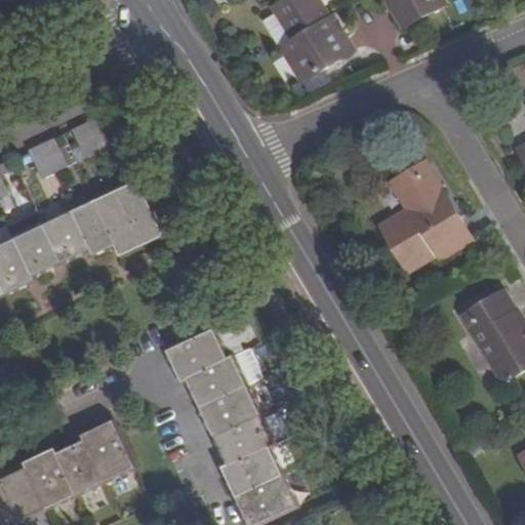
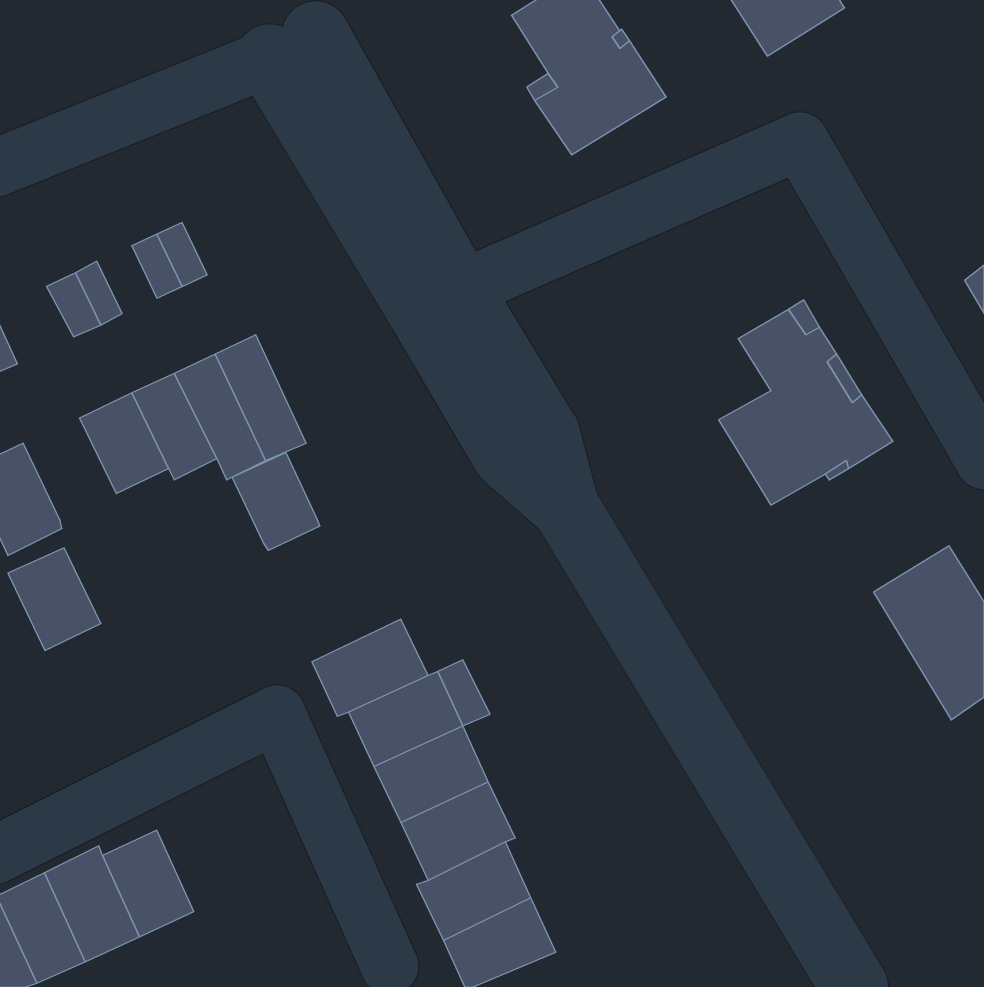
building: [12,221,62,276] -> [8,548,101,650]
building: none -> [232,453,320,550]
building: [81,421,132,483] -> none

